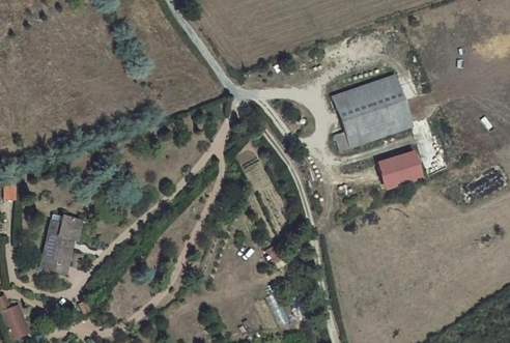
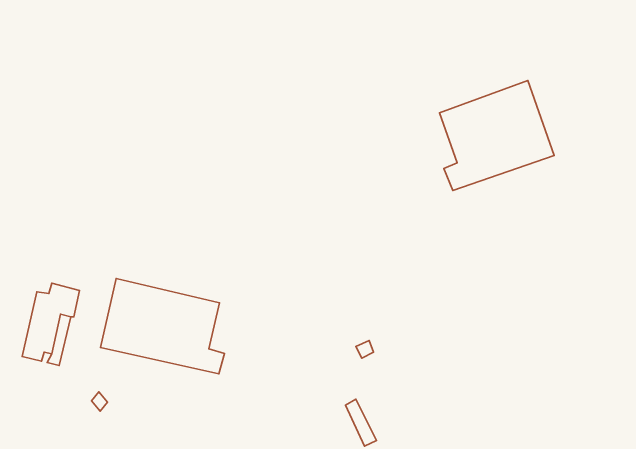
building: [377,148,425,189] -> none
building: none -> [100,278,225,374]

